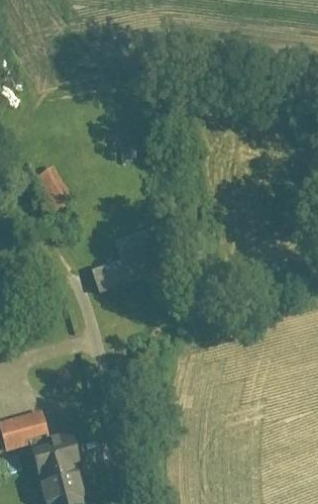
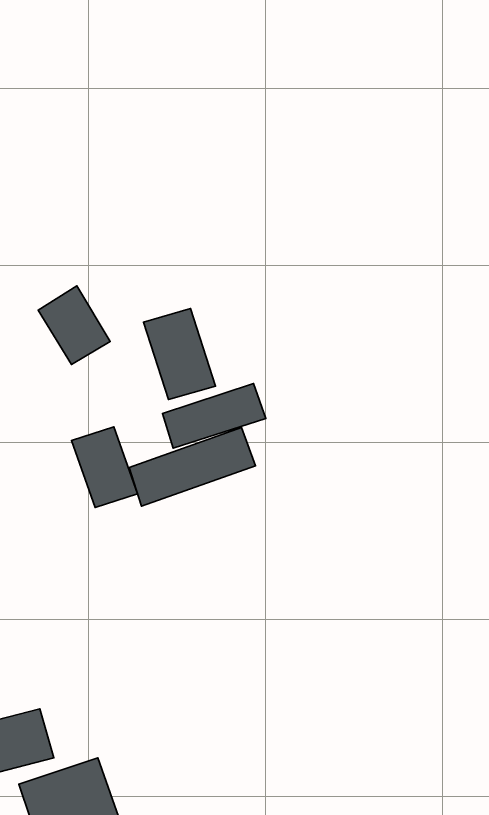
building: none -> [144,309,215,400]
building: none -> [72,427,138,507]

